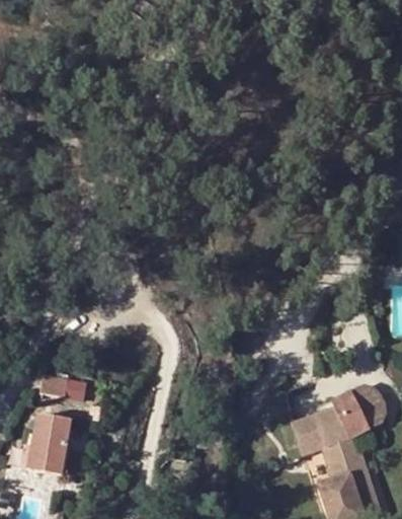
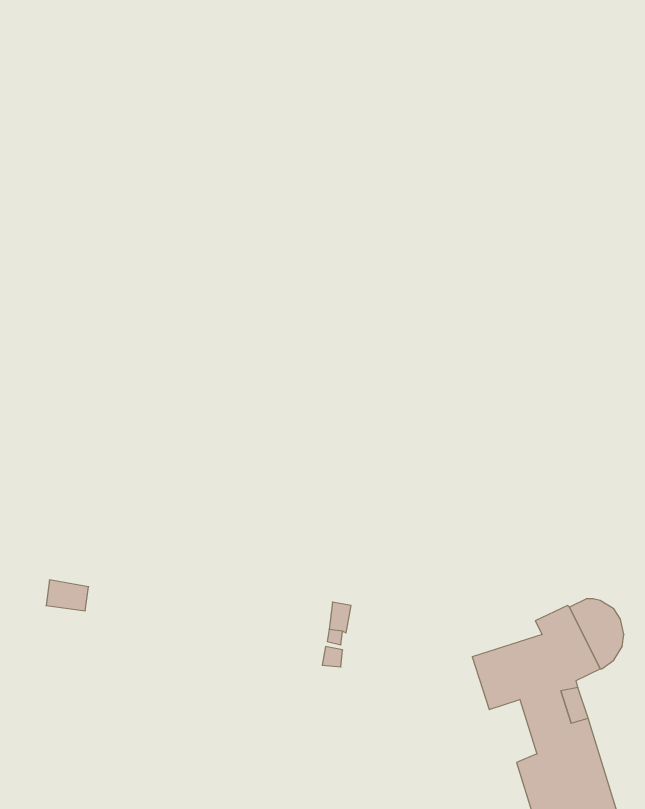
building: [27,414,71,474] -> none

